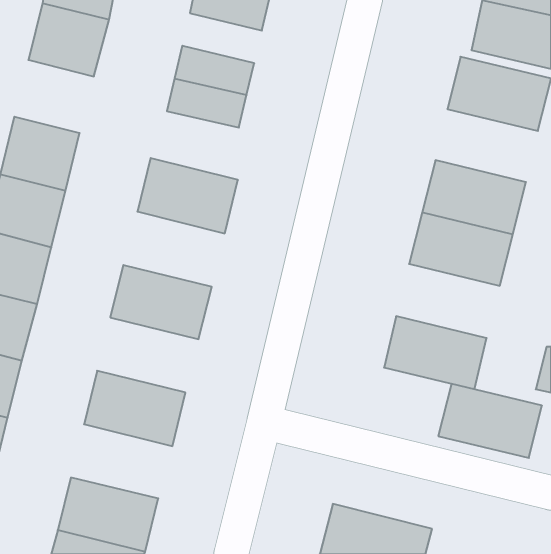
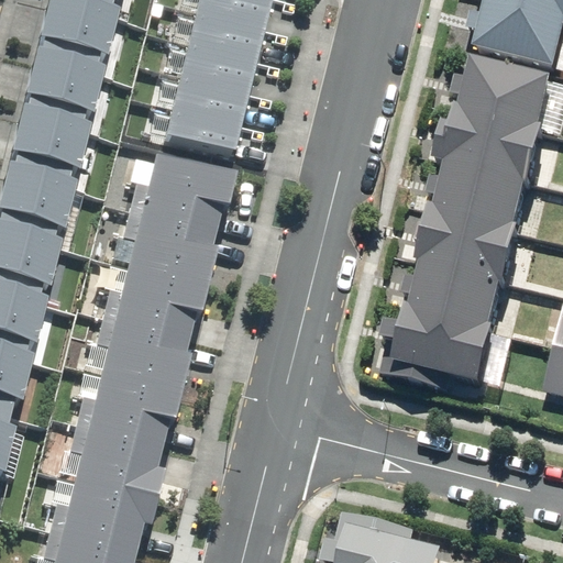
building: none -> [184,13,264,64]
building: none -> [14,60,95,134]
building: none -> [439,110,542,184]
building: none -> [161,112,241,162]
building: none -> [124,213,227,289]
building: none -> [98,320,200,396]
building: [438,384,542,458] -> [399,266,504,341]
building: none -> [71,428,174,503]

